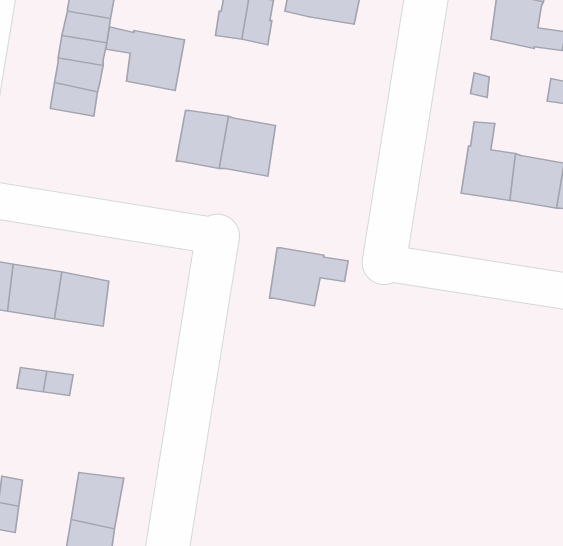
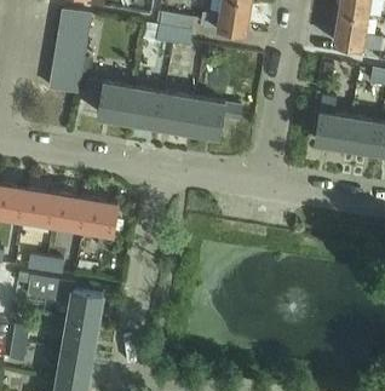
building: [106,27,184,91] -> [85,81,136,122]
building: [270,248,348,306] -> [189,99,240,137]
building: none -> [82,200,117,251]
building: none -> [27,276,100,327]

